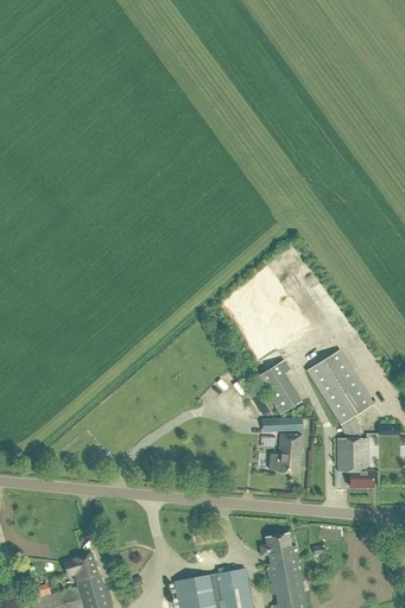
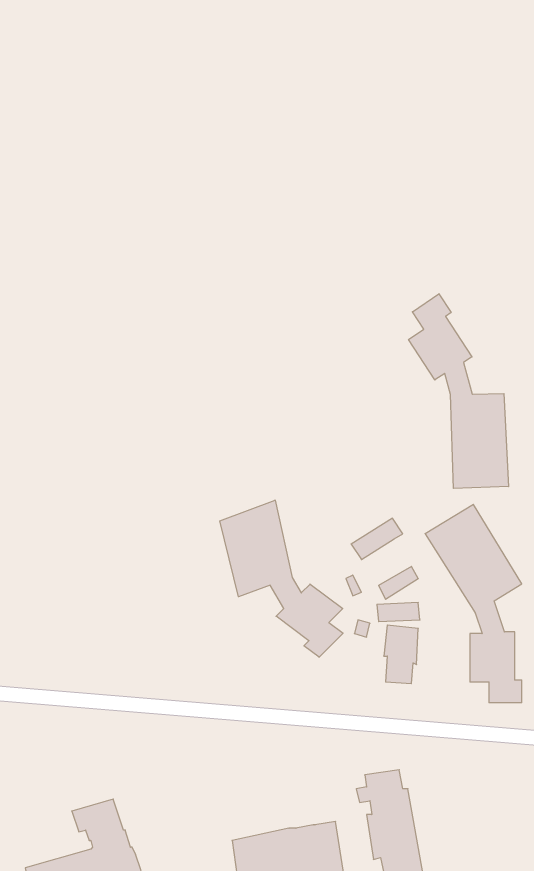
building: none -> [409,294,509,488]
building: none -> [220,500,343,657]

